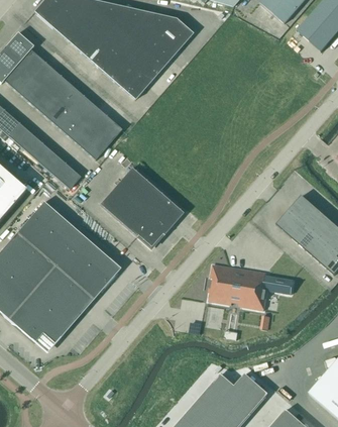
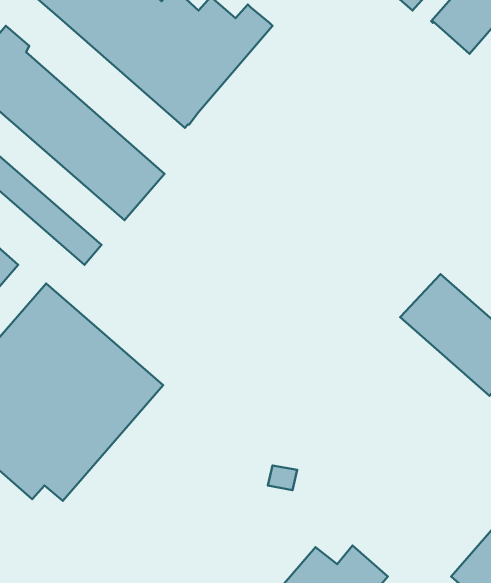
building: [98,167,183,247] -> none
building: [208,263,293,309] -> none

